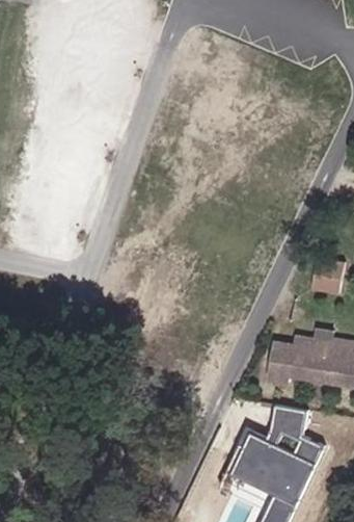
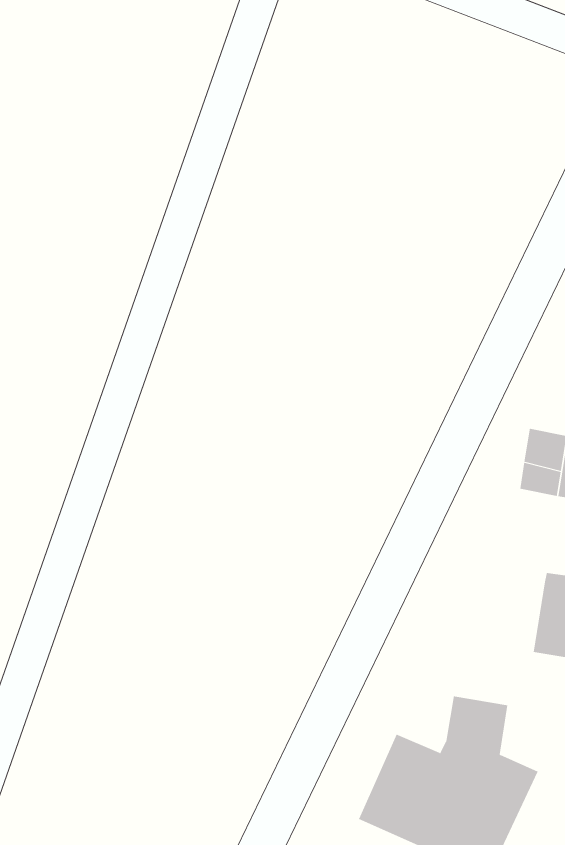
building: [271,338,326,383] -> none

